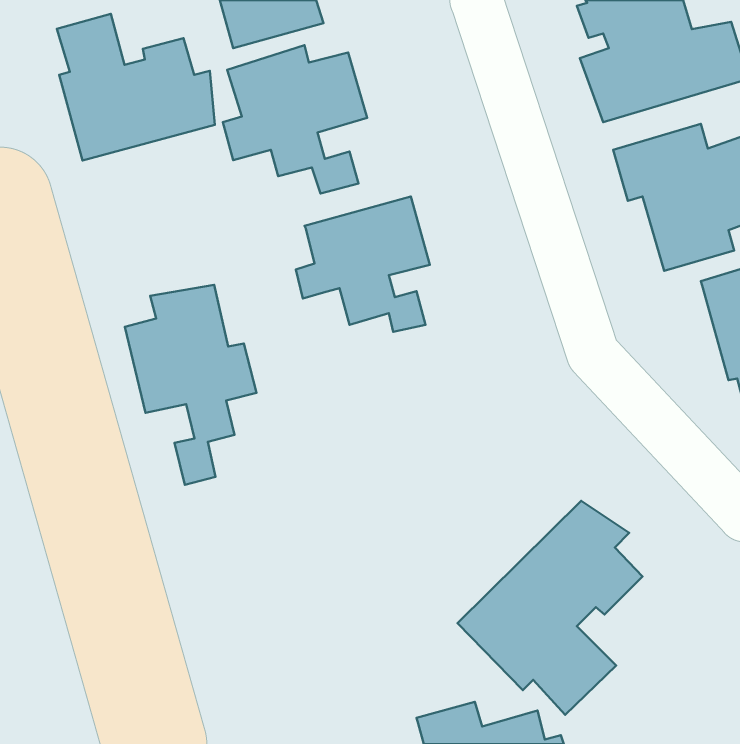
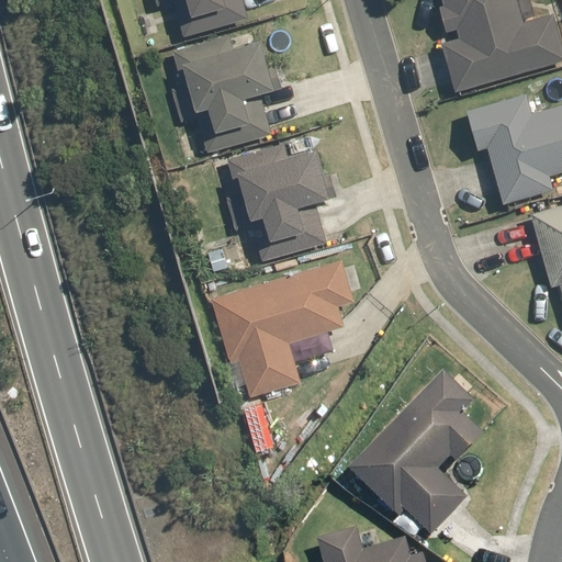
building: [57,14,215,161] -> none
building: [125,285,256,485] -> none
building: none -> [213,263,353,397]

